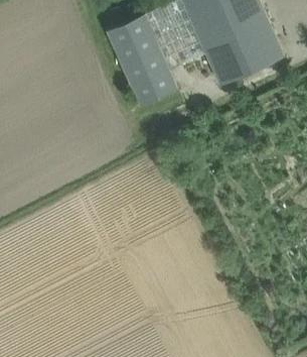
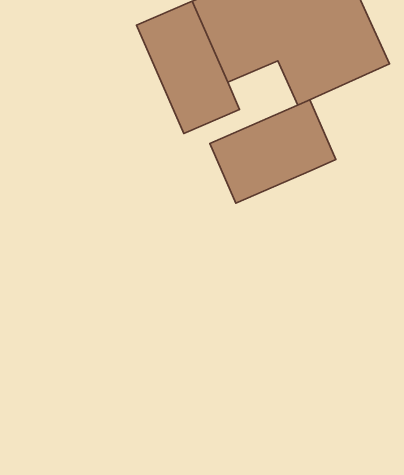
building: none -> [210,100,336,203]

